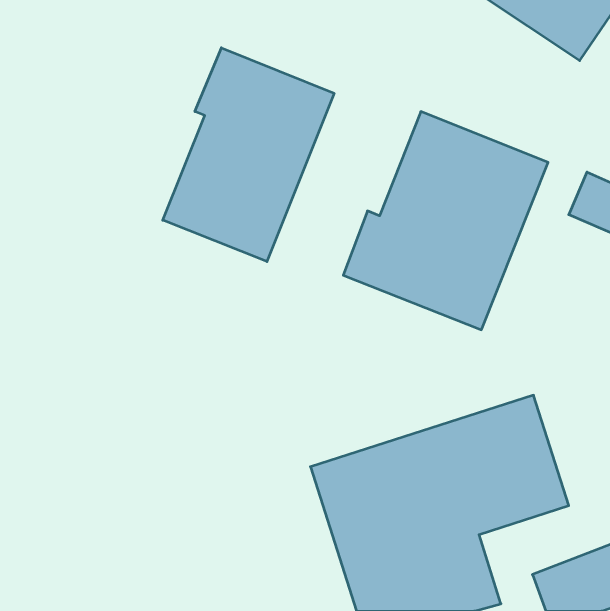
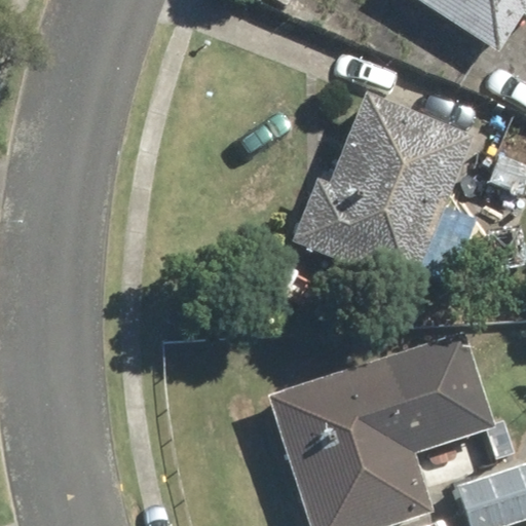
building: [163,48,334,262] -> none

